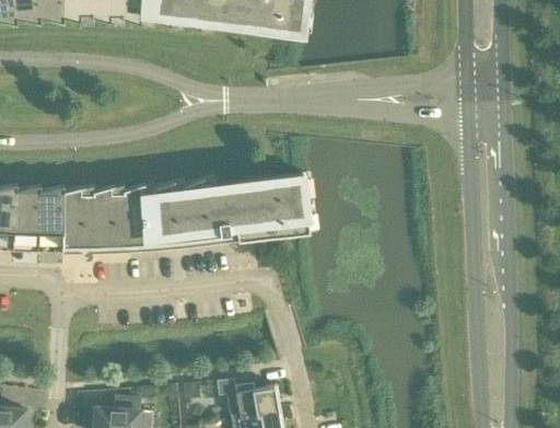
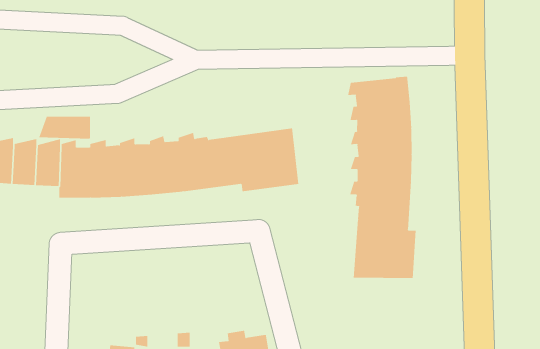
building: none -> [347,76,416,279]
building: none -> [38,116,91,139]

